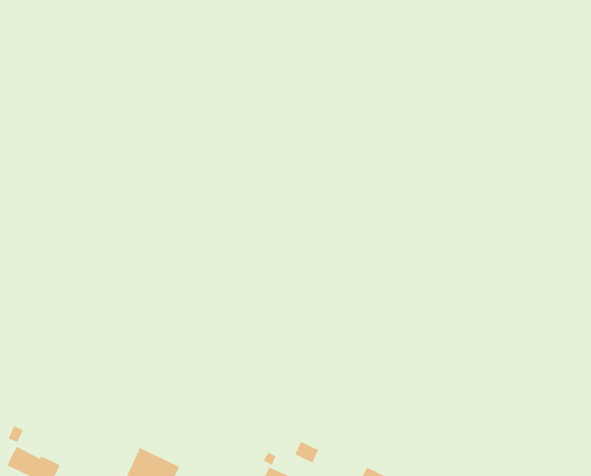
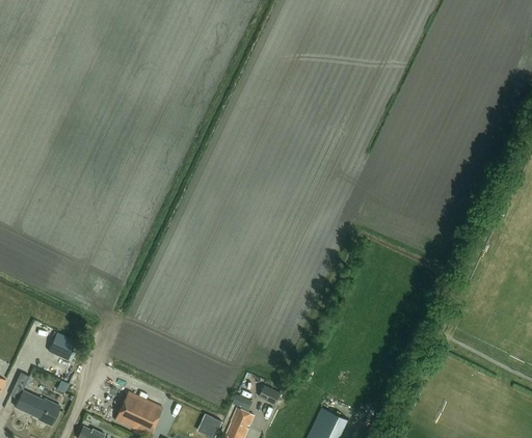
building: none -> [49,331,77,359]

